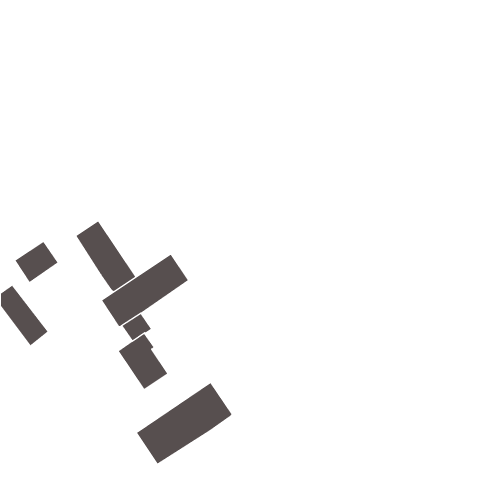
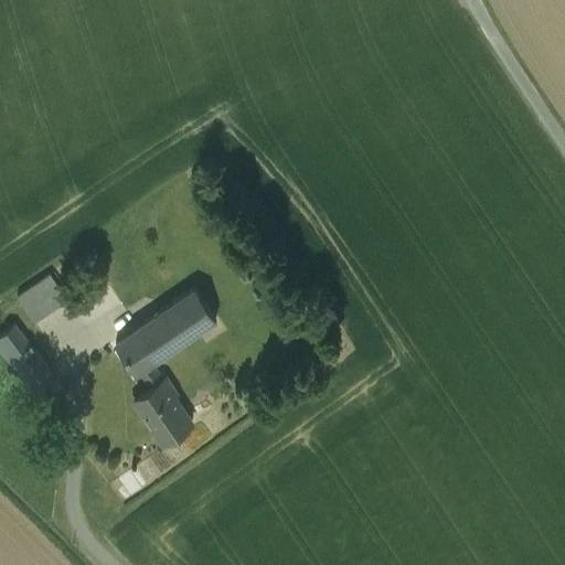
building: [76,220,136,292] -> none
building: [136,382,232,465] -> none

